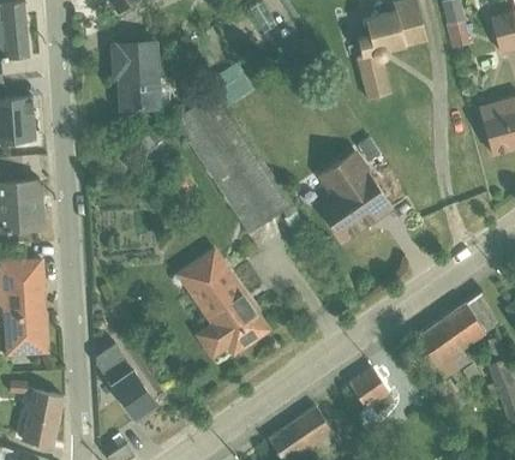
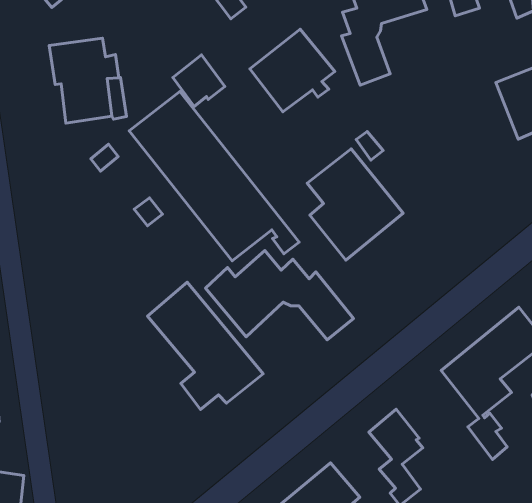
building: none -> [250,29,335,112]
building: none -> [206,250,353,340]
building: [95,343,157,419] -> none

